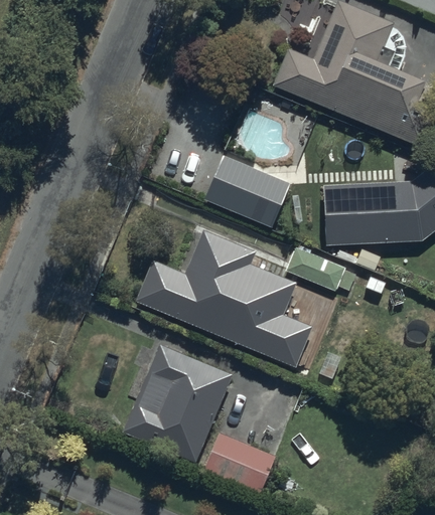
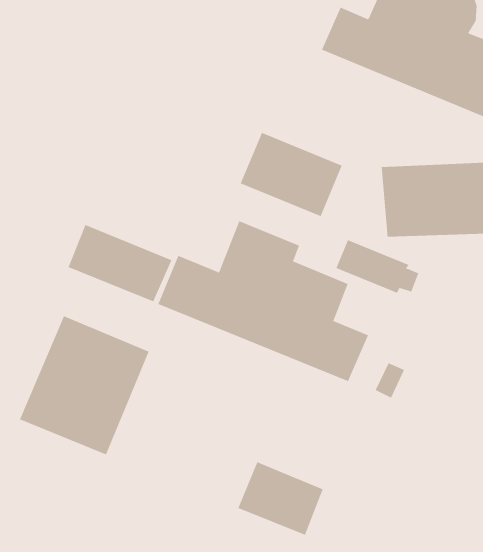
building: none -> [68,224,172,302]
building: [123,346,233,464] -> [19,316,149,455]

